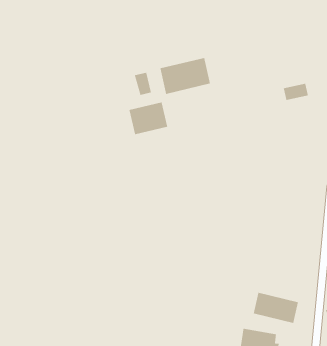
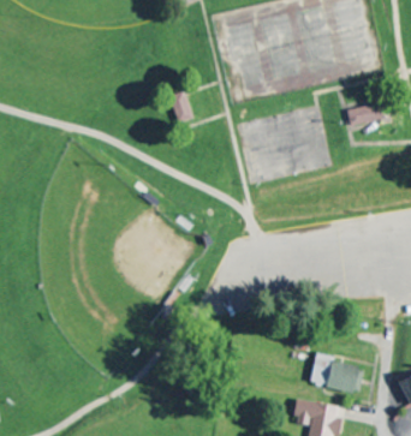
building: [160,57,211,95] -> none
building: [129,101,168,135] -> none

